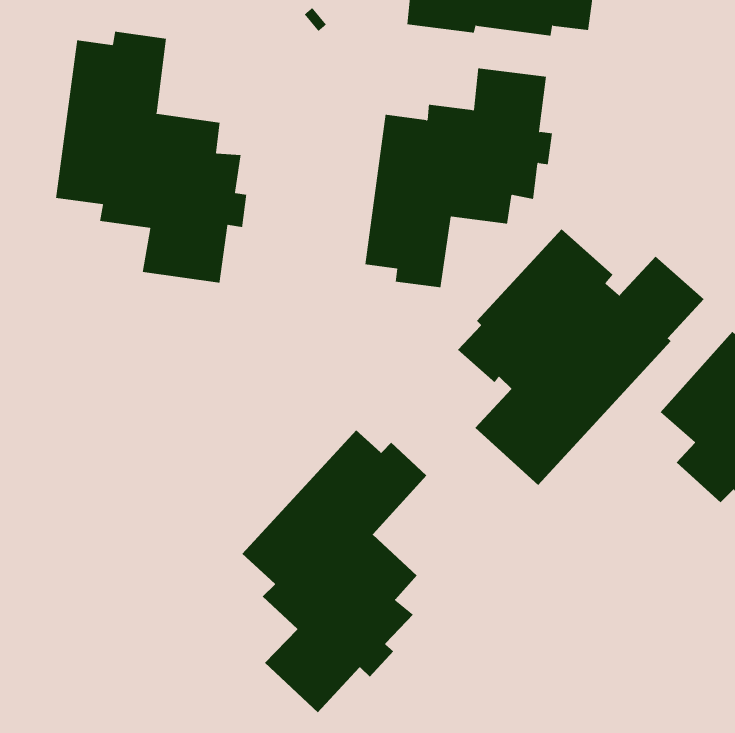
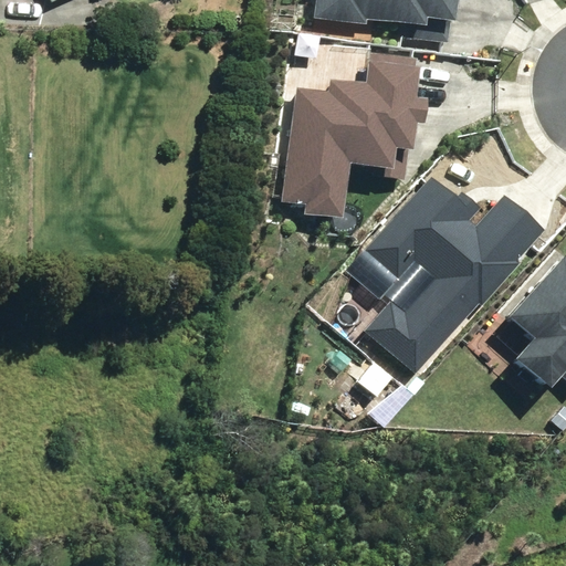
building: [55,31,247,283] -> none
building: [241,429,427,713] -> none

